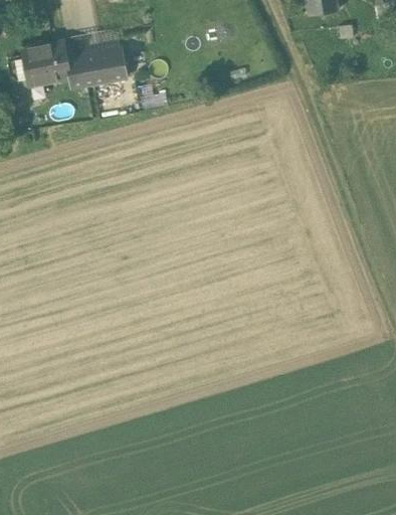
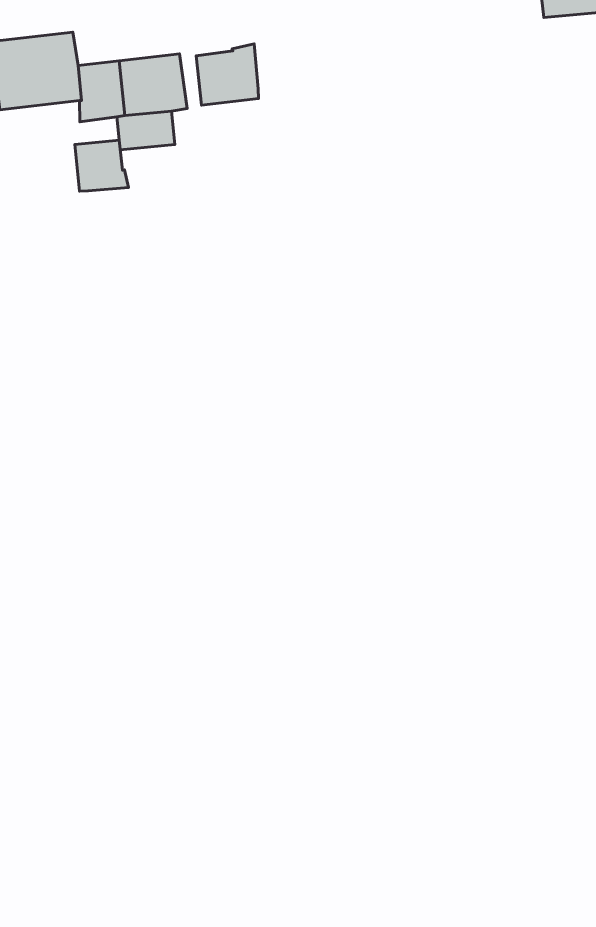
building: none -> [196,44,259,105]
building: none -> [75,140,128,191]

